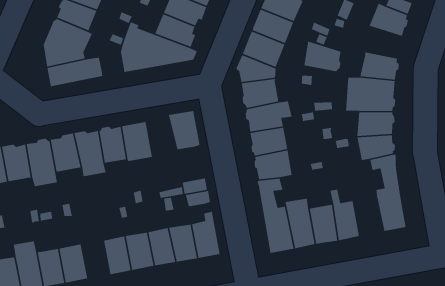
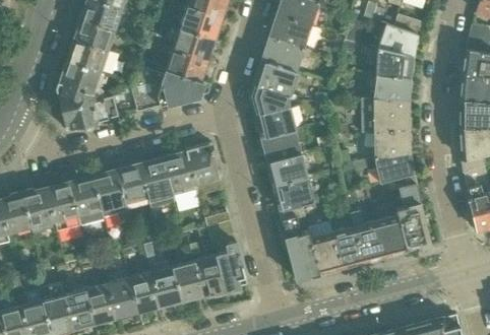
building: [304,41,342,72] -> [376,49,414,78]
building: none -> [164,153,196,194]
building: none -> [375,216,408,258]
building: none -> [108,279,138,319]

